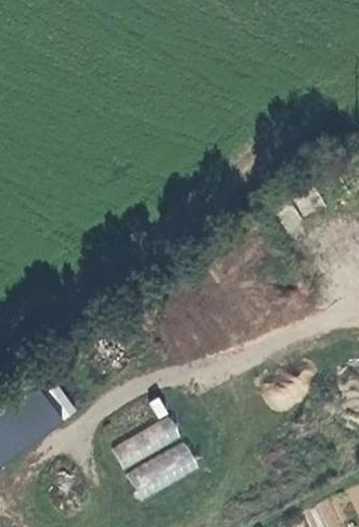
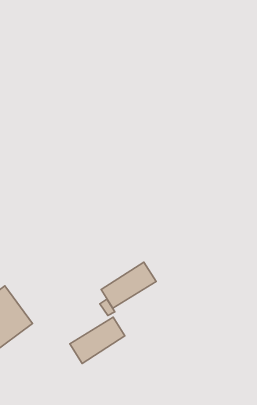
building: [126,439,193,496] -> [101,262,156,308]

